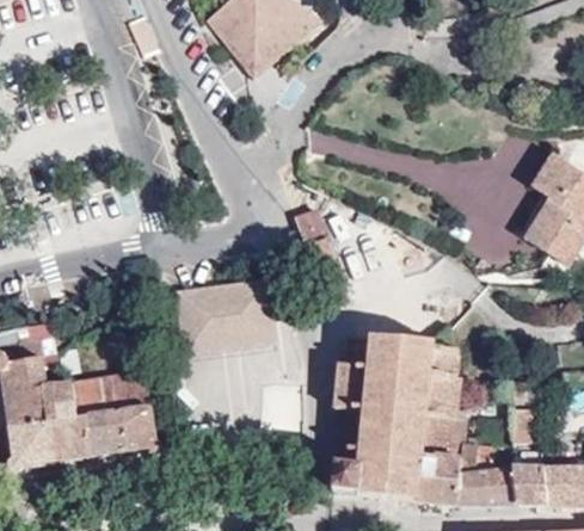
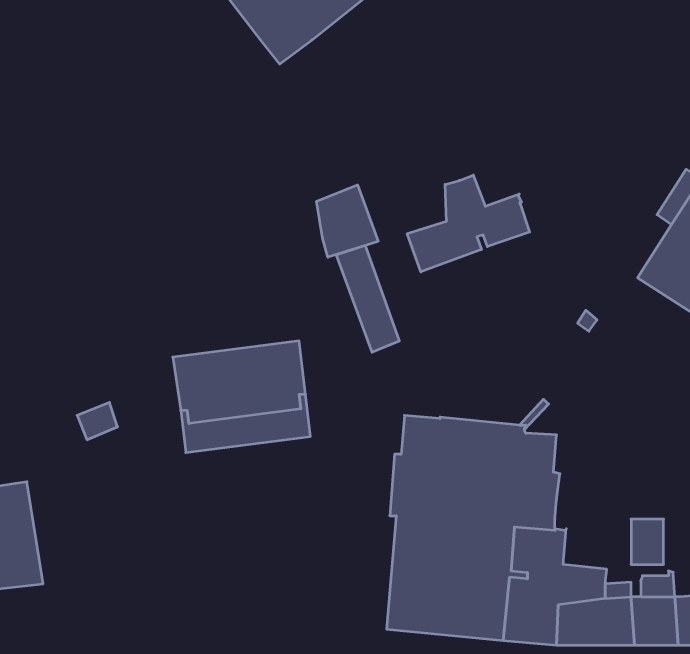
building: none -> [407,175,530,272]
building: none -> [317,185,378,257]
building: [68,372,158,458] -> none

